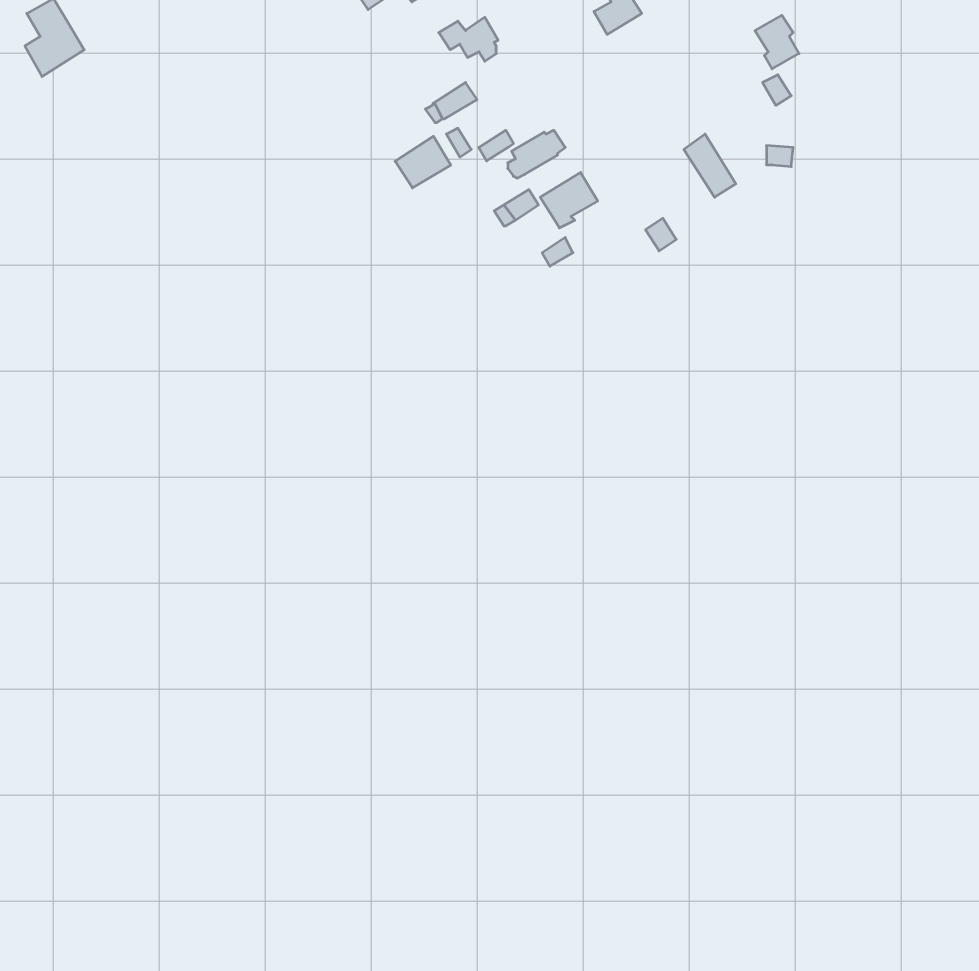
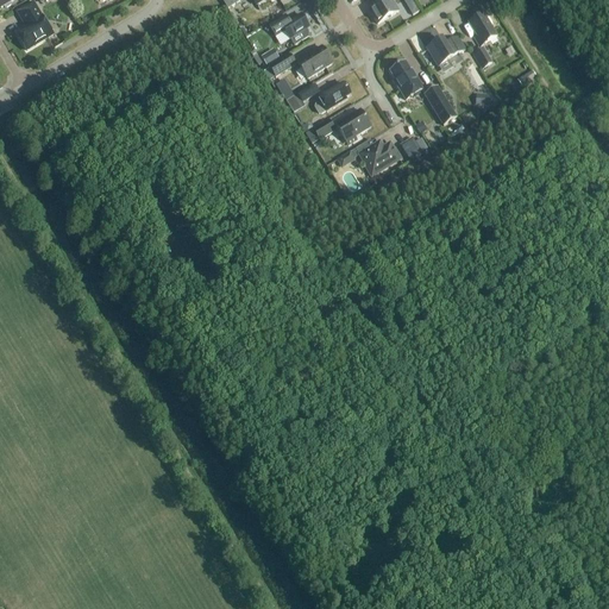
building: none -> [427,34,465,64]
building: none -> [389,58,423,98]
building: [395,136,451,188] -> [297,44,332,76]
building: none -> [359,139,398,174]

